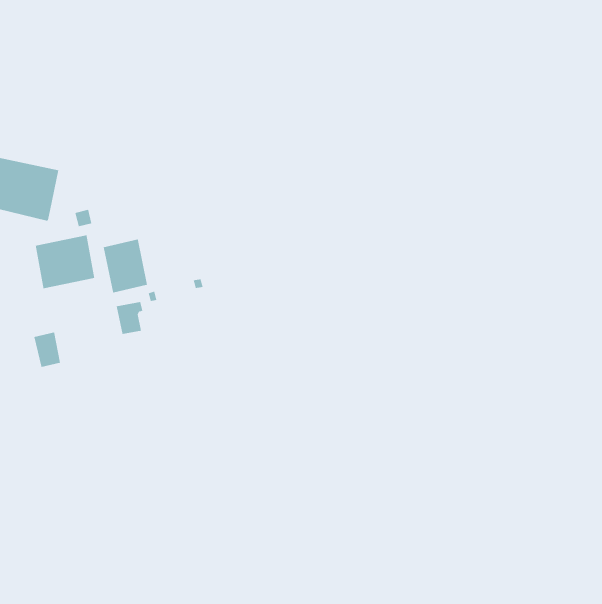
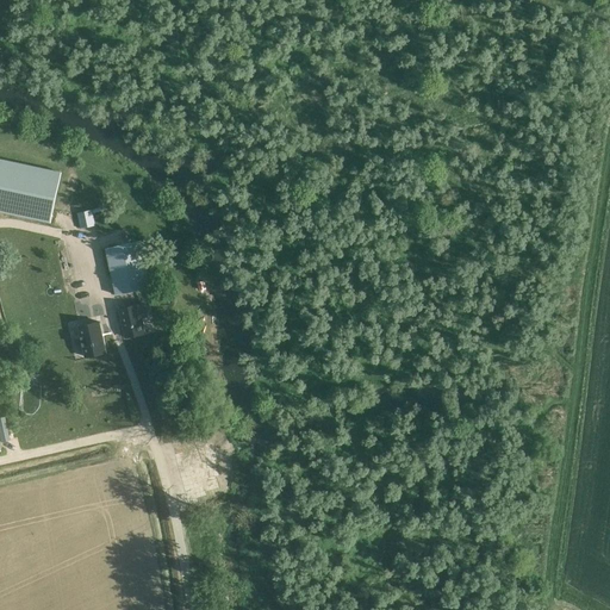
building: [35,234,95,289] -> none
building: [34,332,61,367] -> [76,322,104,357]

